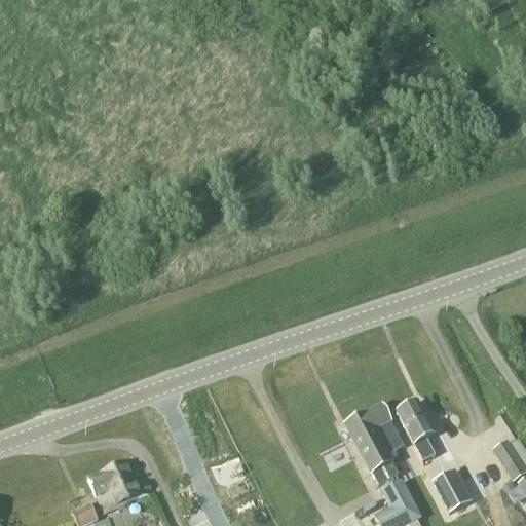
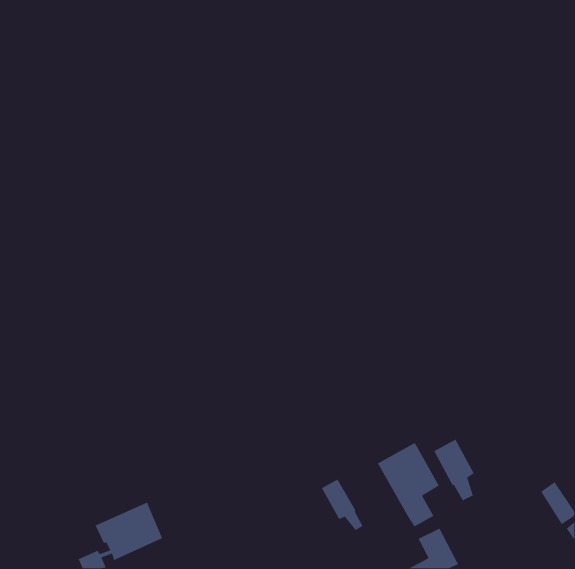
building: none -> [321,478,364,531]
building: [431,468,472,513] -> none

